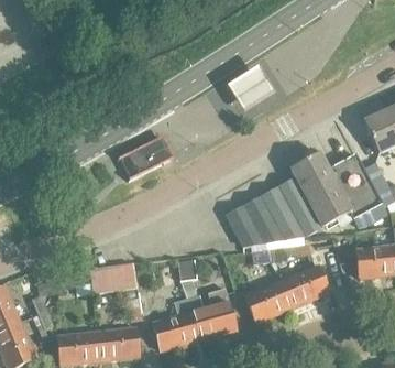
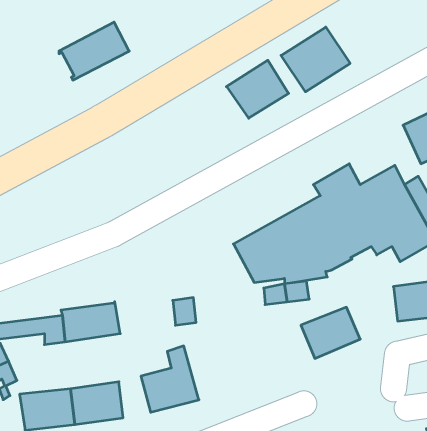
building: none -> [281,27,350,92]
building: [118,134,174,181] -> [59,22,129,80]
building: [244,281,292,323] -> none
building: [187,288,238,340] -> none

